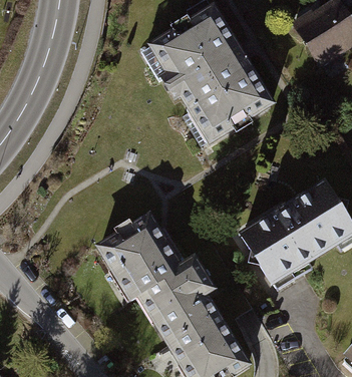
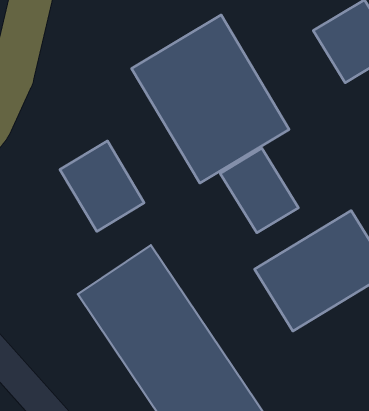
building: none -> [60,141,144,232]
building: none -> [220,148,298,233]

